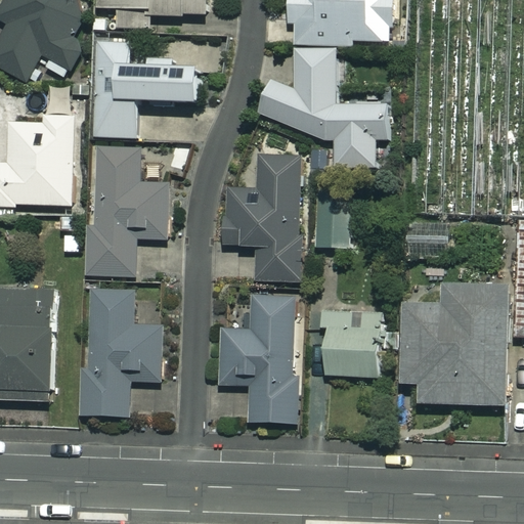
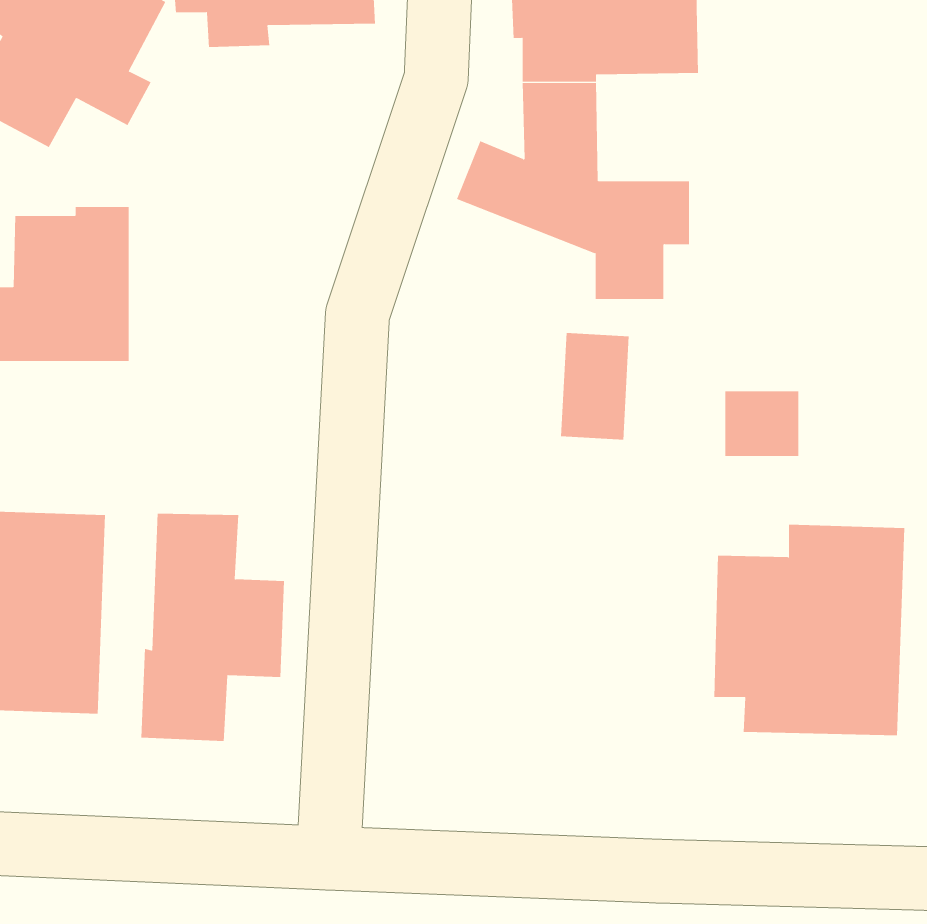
building: [95,41,198,136] -> none
building: [85,145,169,275] -> none
building: [224,155,299,279] -> none
building: [218,294,295,422] -> none
building: [317,303,381,375] -> none

